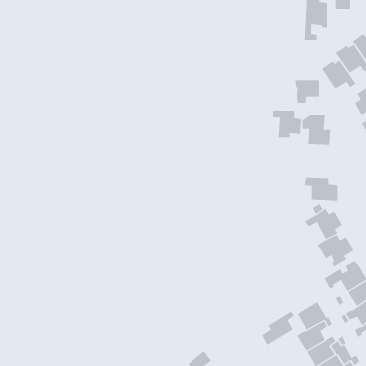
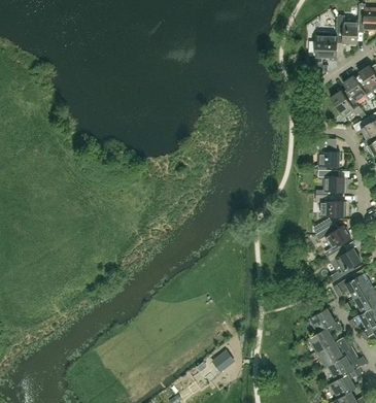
building: [295,79,320,104] -> none
building: [272,110,302,138] -> [318,170,345,195]
building: [261,311,295,346] -> none

